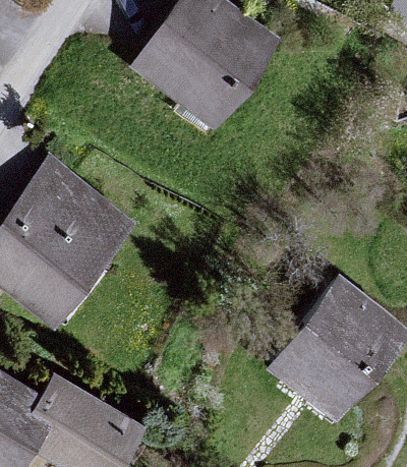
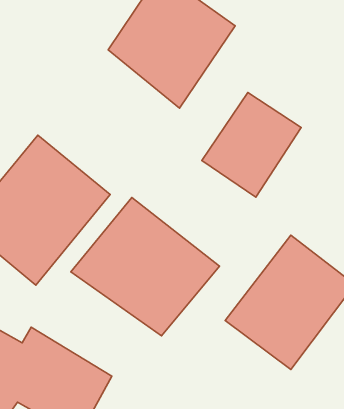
building: none -> [202,92,301,197]
building: none -> [71,197,219,336]

